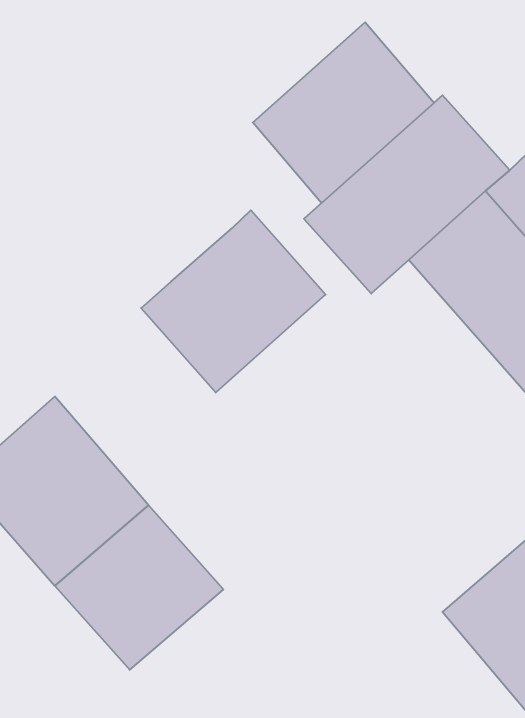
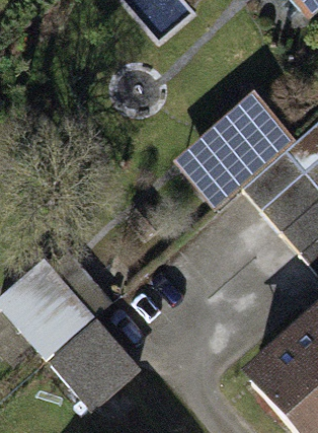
building: [253,22,434,203] -> none
building: [141,210,326,393] -> none

